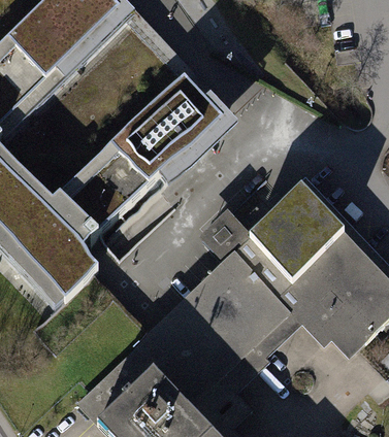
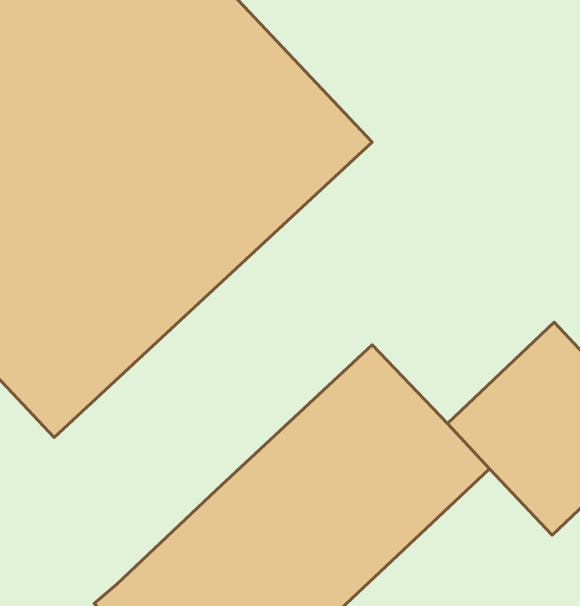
building: [242,186,350,292] -> none

